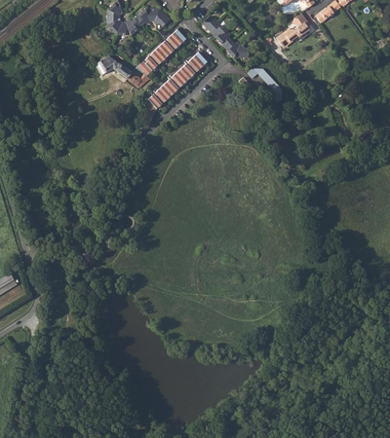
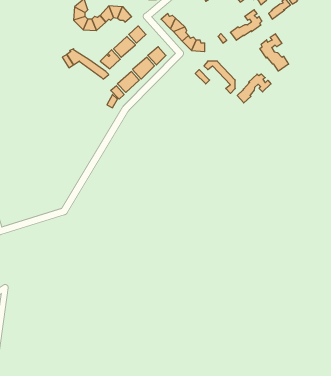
building: none -> [260,34,289,71]
building: none -> [237,74,271,103]

